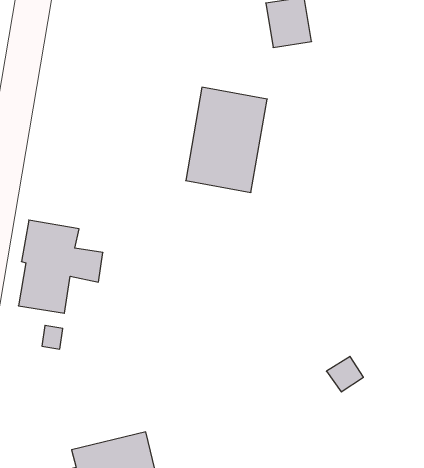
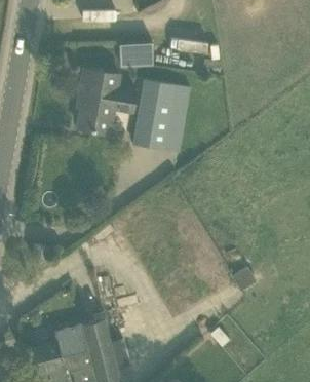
building: none -> [120,41,154,64]
building: [18,220,103,313] -> [77,69,135,133]

